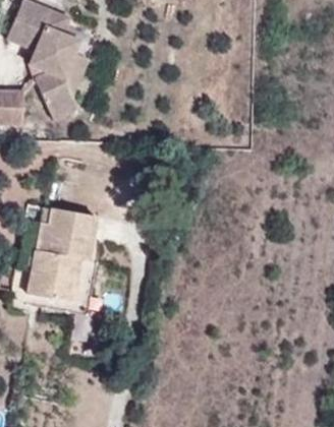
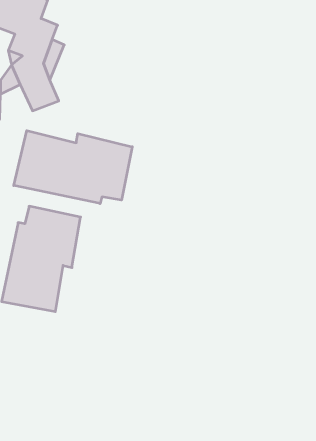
building: none -> [14,131,132,204]

